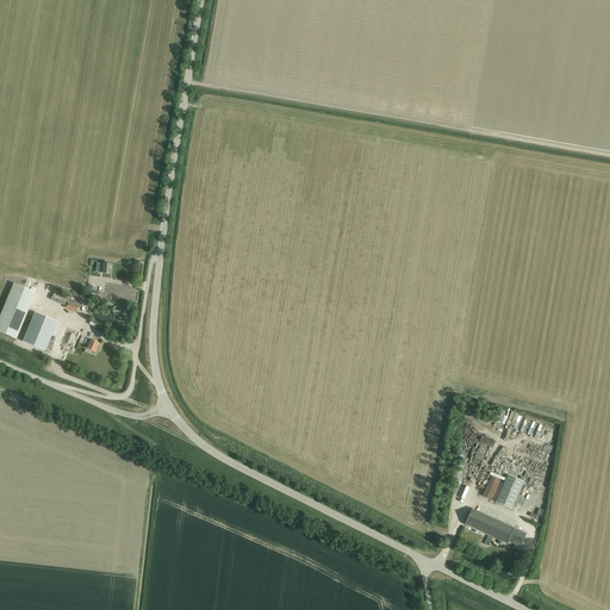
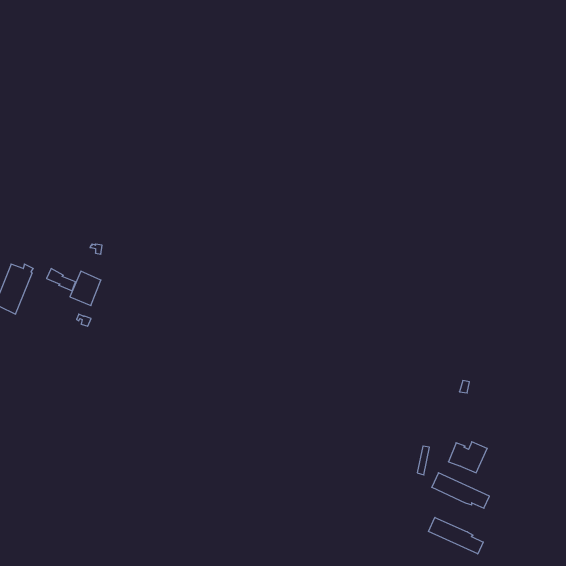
building: [23,312,56,349] -> [70,271,101,306]
building: none -> [429,517,483,554]

